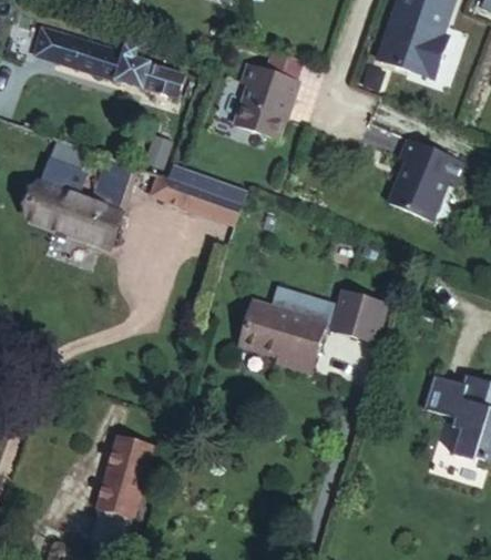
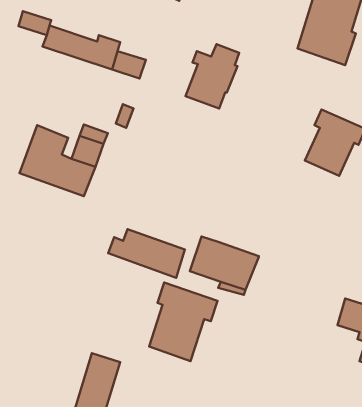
building: [150,164,246,225] -> [108,229,185,278]
building: [276,286,389,346] -> none
building: none -> [149,283,218,361]

